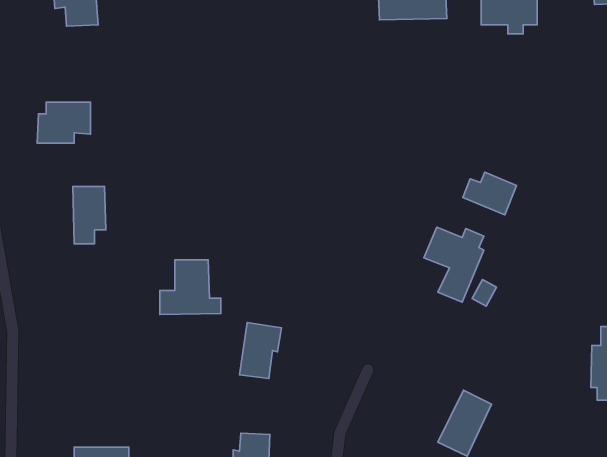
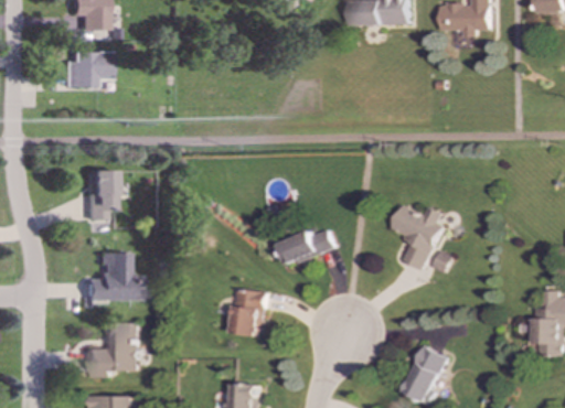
building: [37,102,91,143] -> [62,52,108,87]
building: [463,172,516,215] -> none
building: none -> [277,230,333,266]
building: [160,260,221,315] -> [86,253,139,300]
building: none -> [86,322,135,378]

